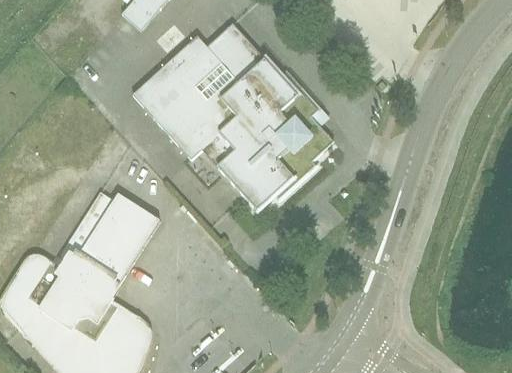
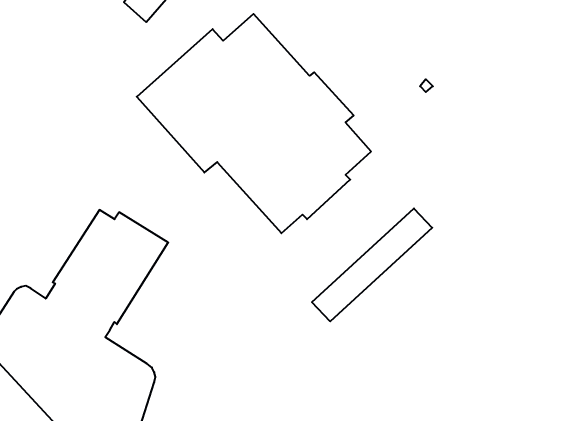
building: none -> [312,208,432,321]

